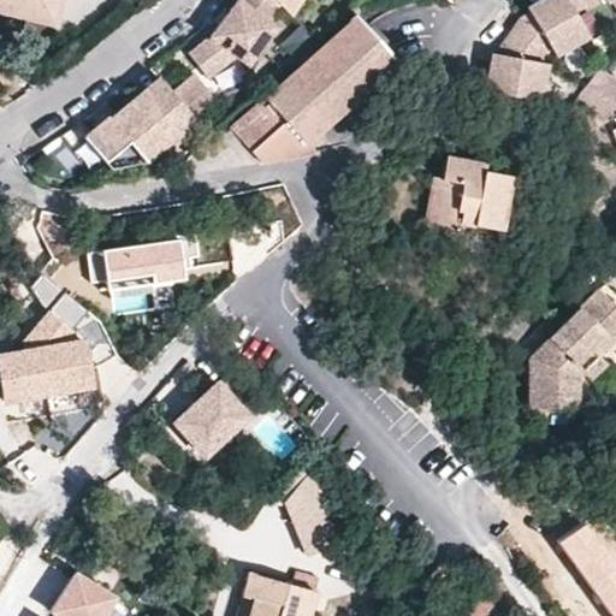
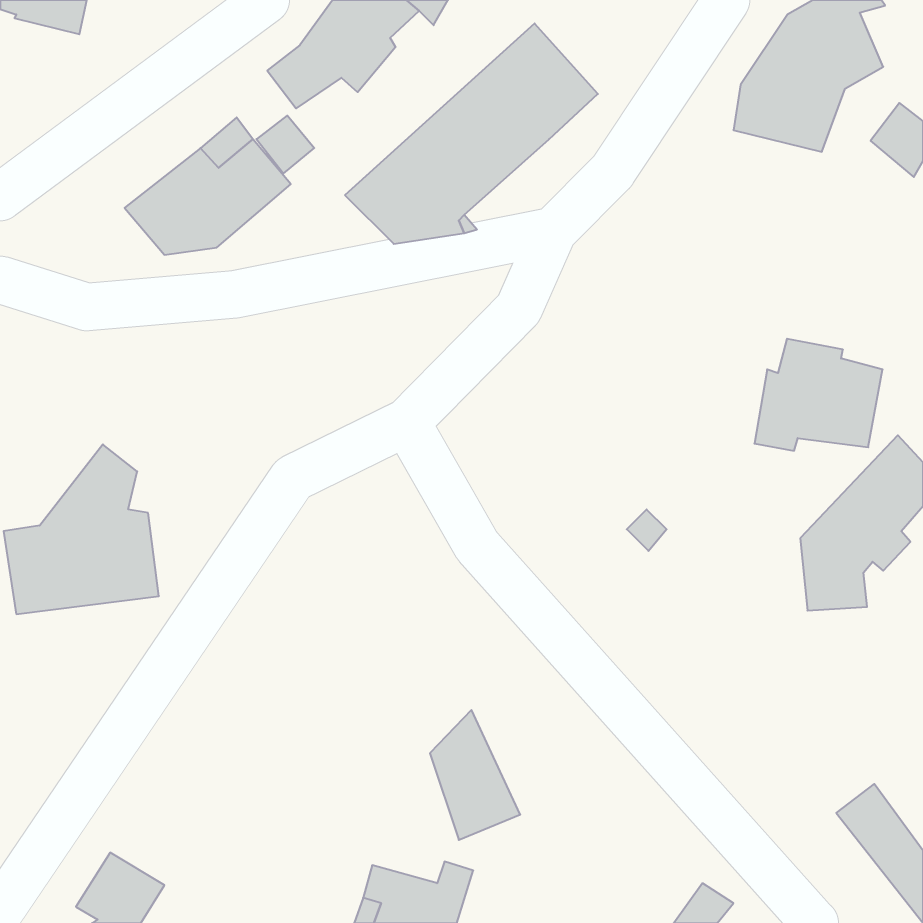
building: [427,155,513,230] -> [754,339,883,451]
building: [111,241,196,294] -> none
building: [171,381,249,458] -> none

